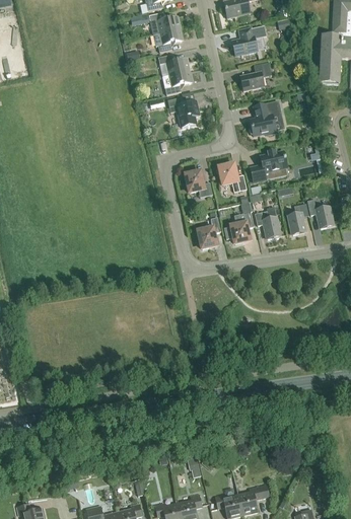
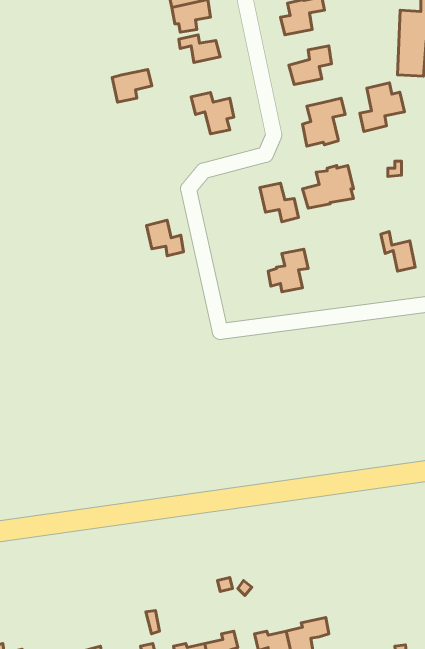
building: [162,70,192,94] -> [112,69,152,102]
building: none -> [360,83,404,131]
building: [185,170,212,197] -> [146,220,184,256]
building: [288,203,308,234] -> none
building: [255,211,280,238] -> none
building: [198,217,220,248] -> none

